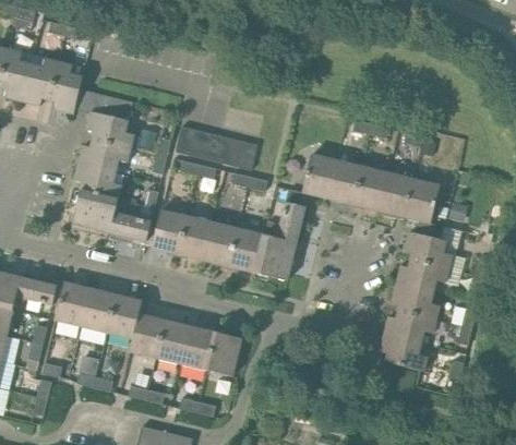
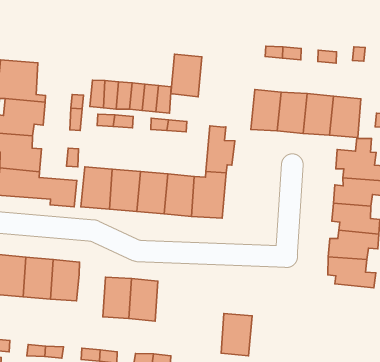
building: [302,154,338,199] -> [171,54,202,97]
building: [130,313,165,358] -> none
building: [206,332,242,376] -> [221,314,252,356]

